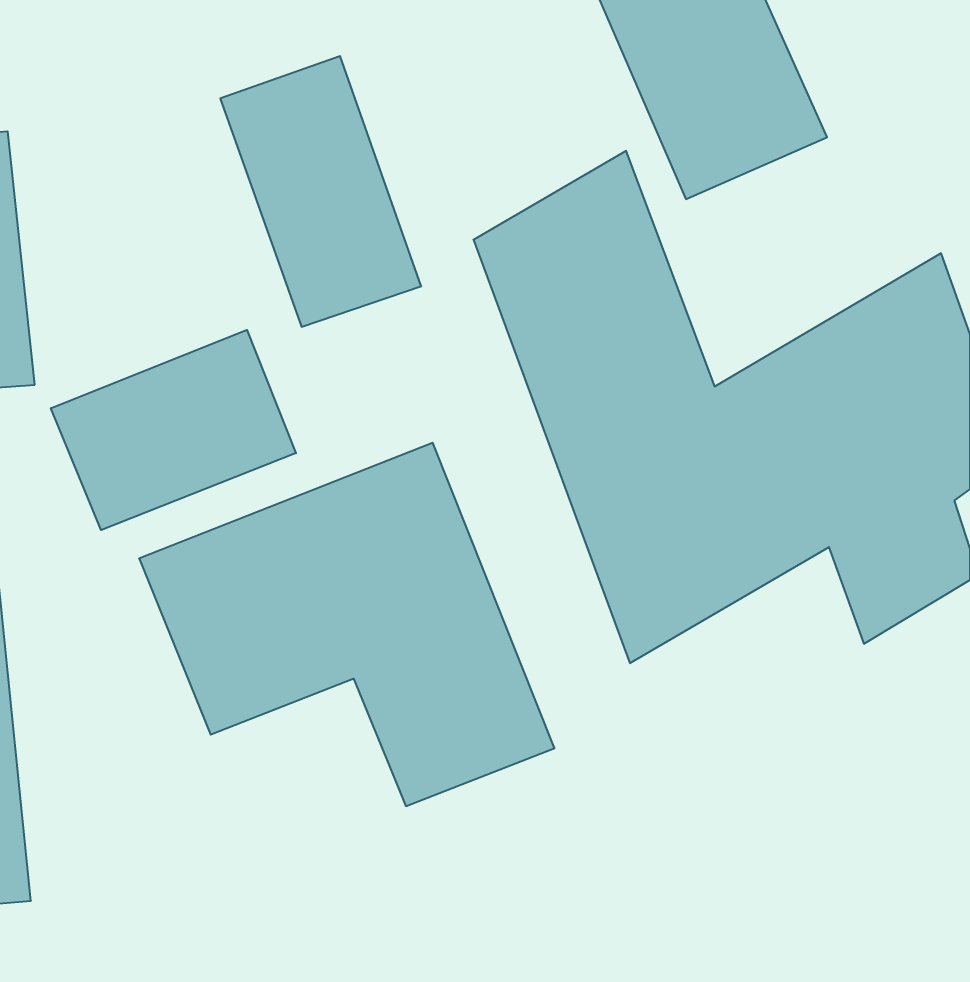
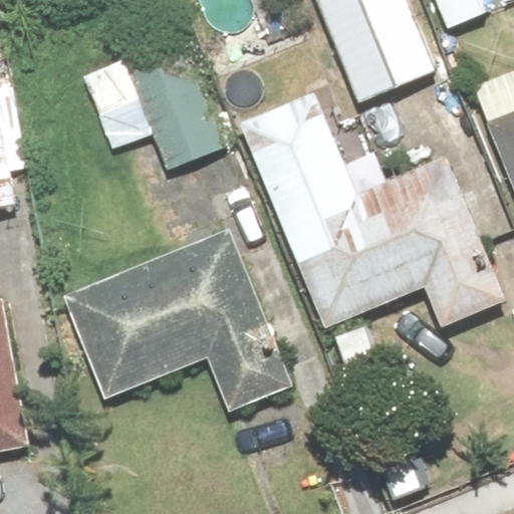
building: [51,330,296,530] -> none

